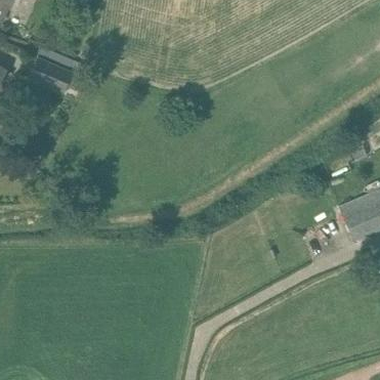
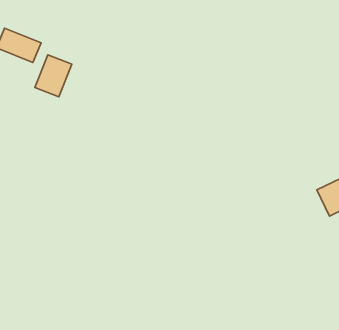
building: none -> [35,55,72,97]

